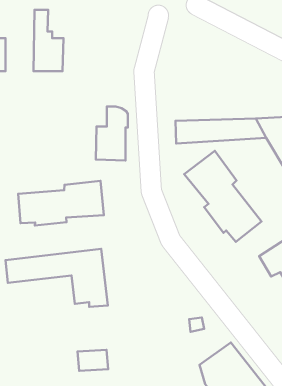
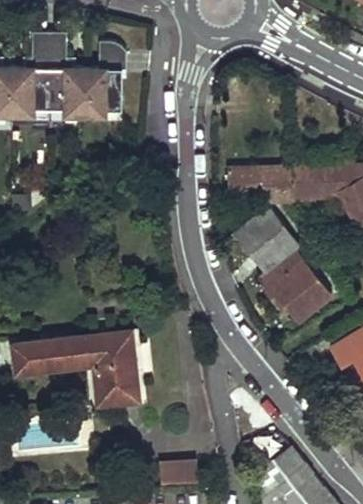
building: none -> [13,35,49,111]
building: [96,106,128,160] -> [84,45,124,112]
building: [18,181,104,225] -> none
building: [78,350,108,371] -> [160,462,198,488]

